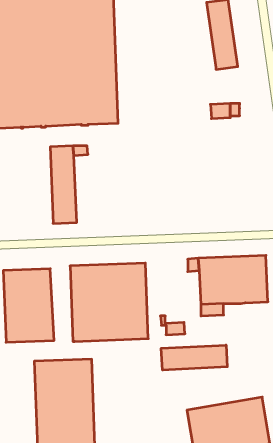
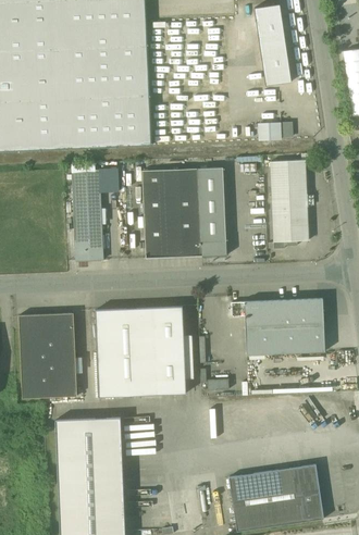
building: none -> [270,160,309,241]
building: none -> [143,167,226,259]
building: [161,345,227,370] -> none

